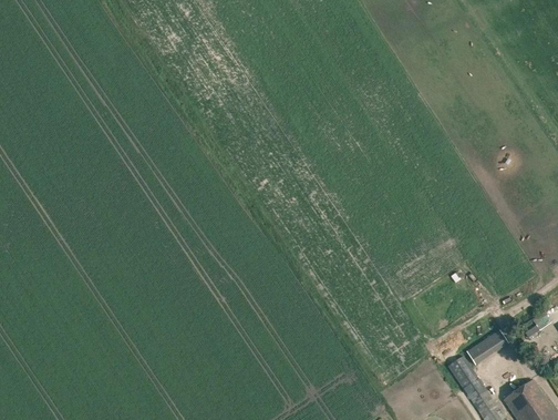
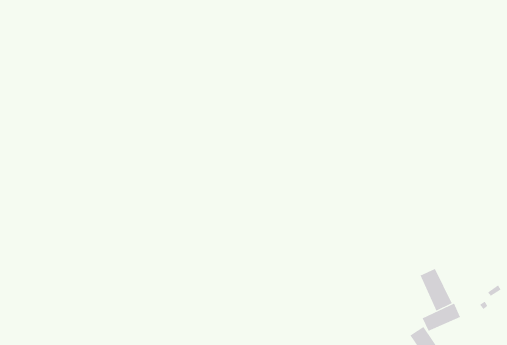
building: none -> [420,268,452,311]

